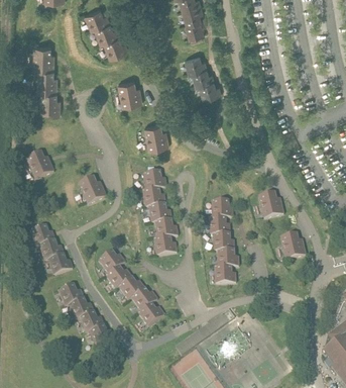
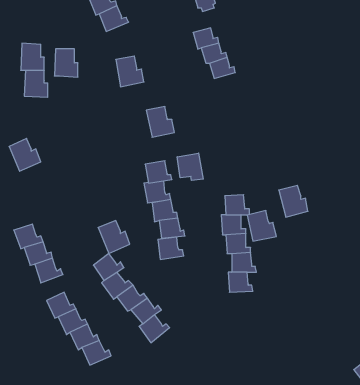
building: [33,44,53,69] -> [54,49,78,77]
building: none -> [177,153,203,180]
building: [79,175,106,203] -> [98,221,130,254]
building: [280,231,306,258] -> [247,211,276,241]

